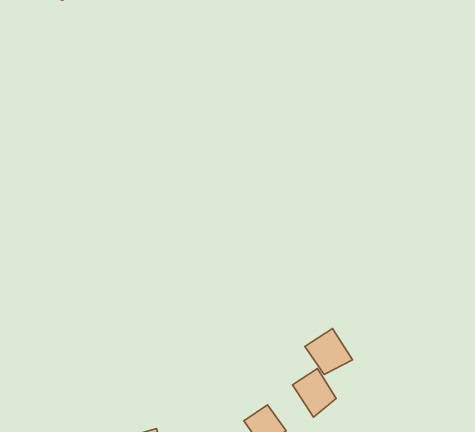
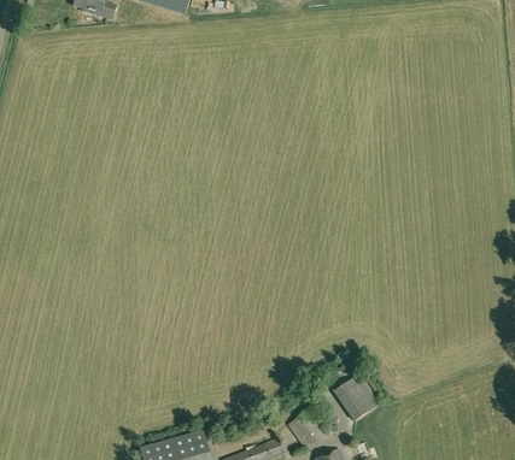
building: [305,329,353,375] -> none

